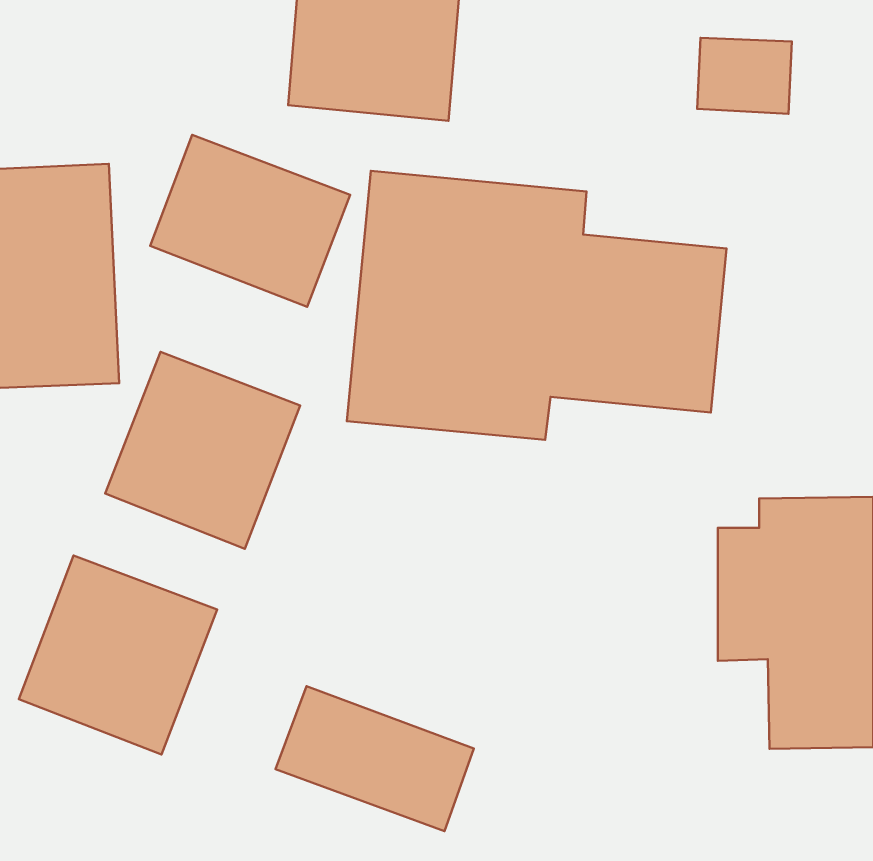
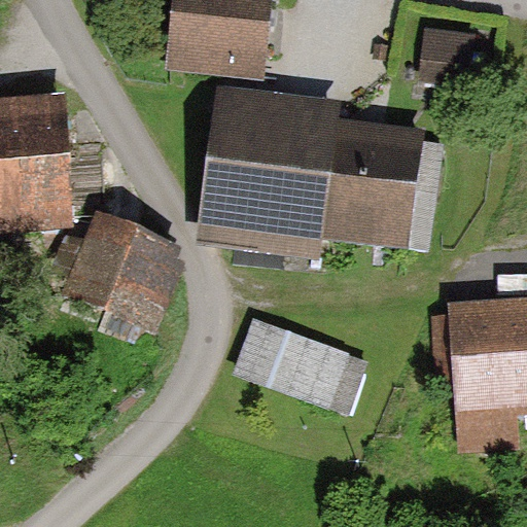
building: [150,135,350,307] -> none
building: [19,555,217,755] -> none
building: [275,686,474,831] -> [233,315,351,401]

